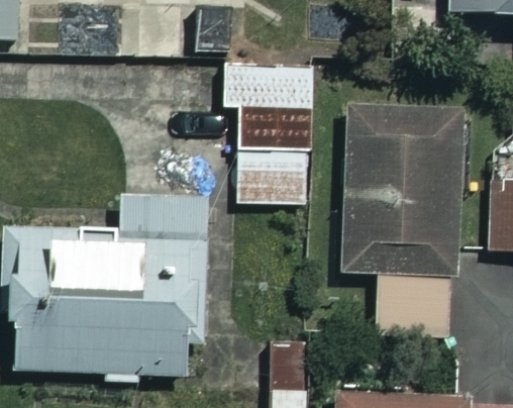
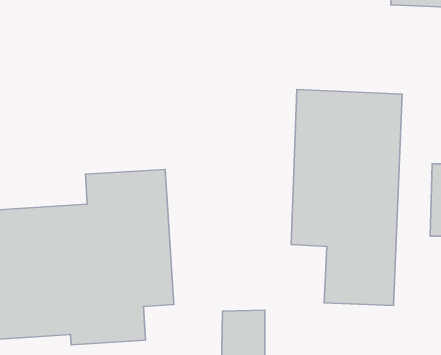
building: [222,61,315,205] -> none

